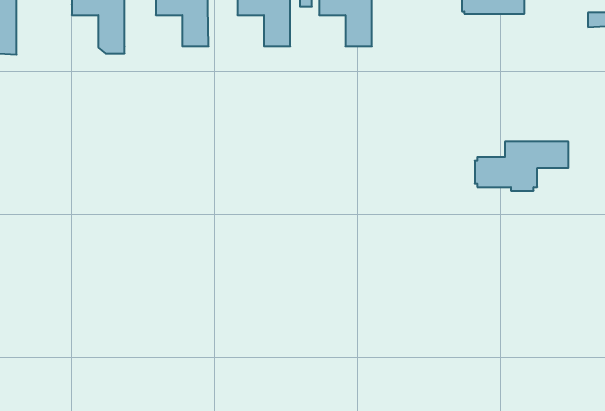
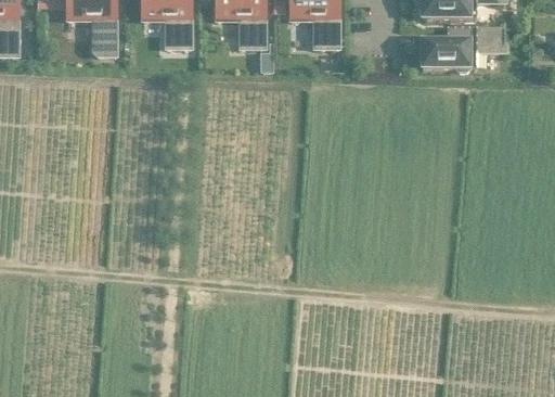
building: [475,142,568,191] -> [420,25,504,69]

